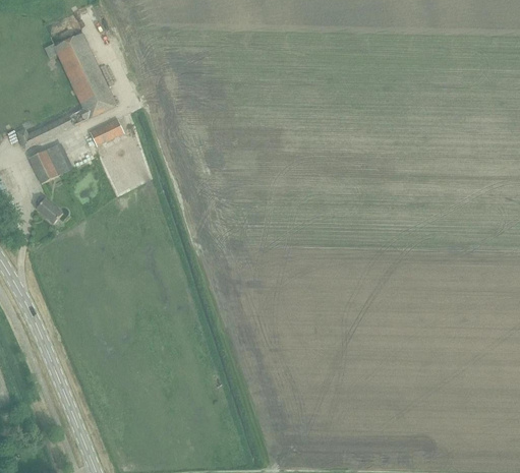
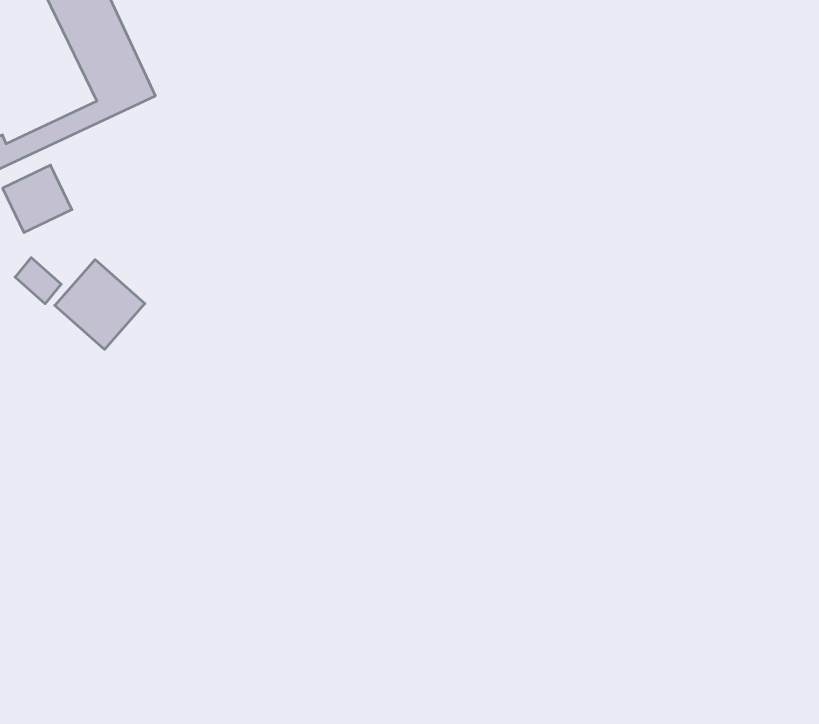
building: [89,117,122,143] -> none
building: none -> [55,260,145,349]

